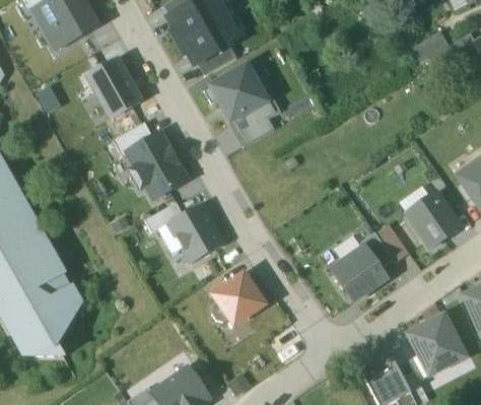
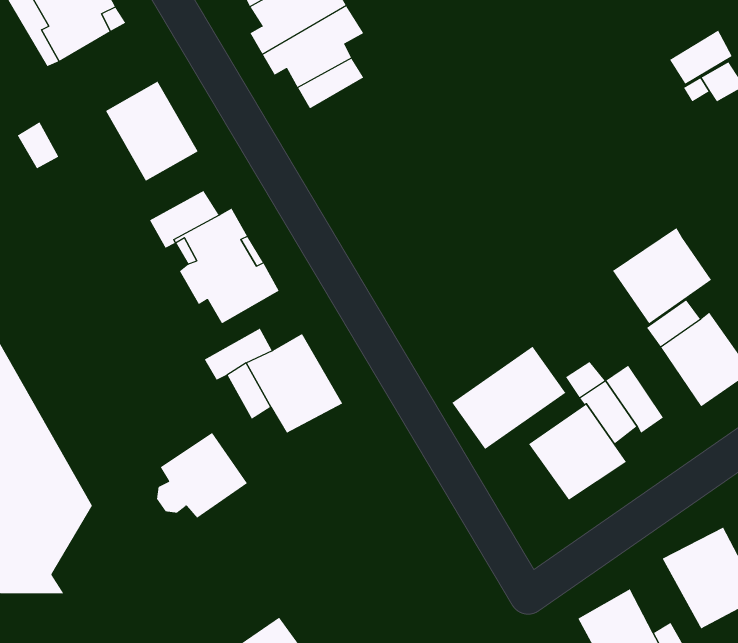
building: [204,64,281,145] -> none
building: none -> [612,227,712,324]
building: none -> [451,346,566,450]
building: [211,274,264,324] -> [156,432,248,518]

